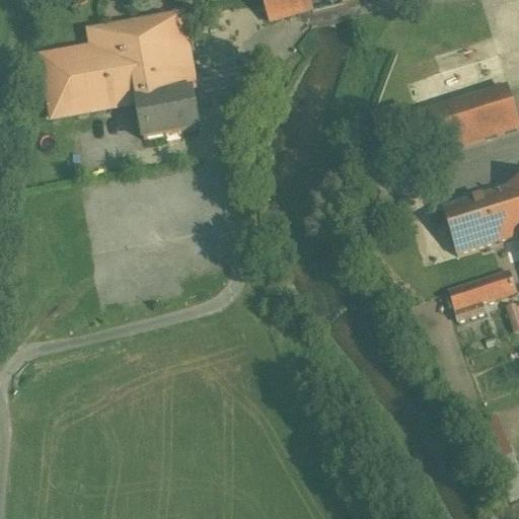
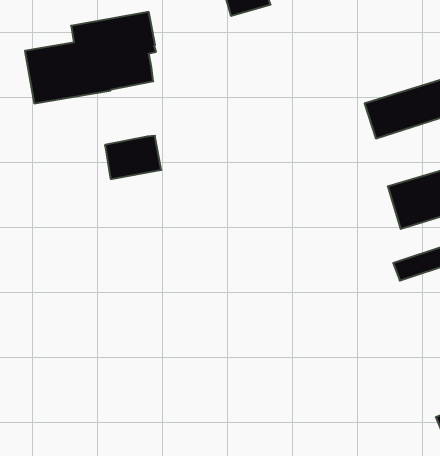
building: [140,88,202,136] -> [105,136,161,179]

